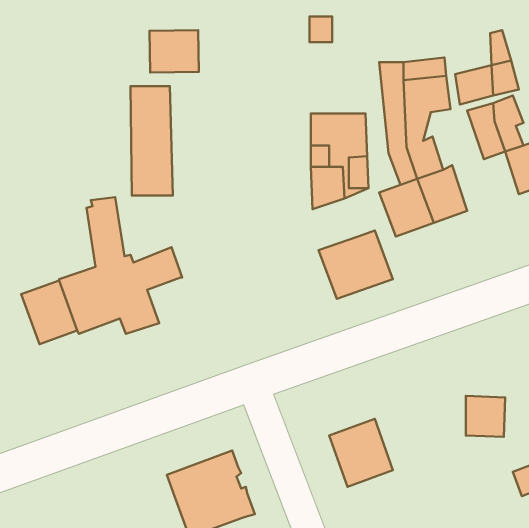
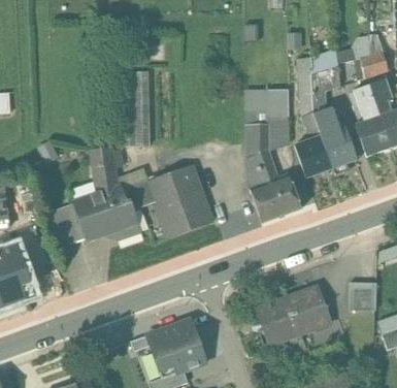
building: [149,30,199,73] -> none
building: none -> [355,117,387,154]
building: none -> [246,149,277,184]
building: none -> [151,166,212,238]
building: none -> [289,288,332,333]

